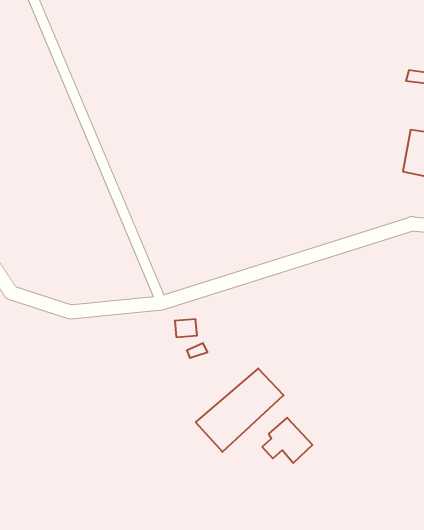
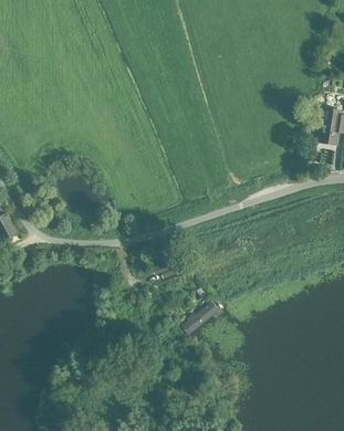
building: [262,418,312,463] -> none

